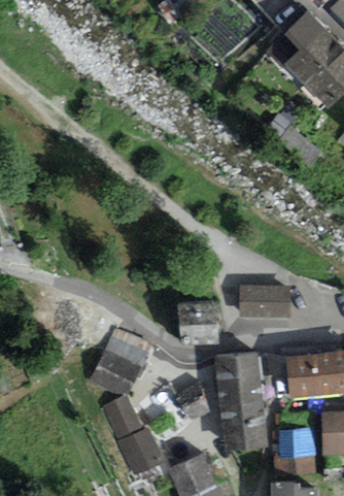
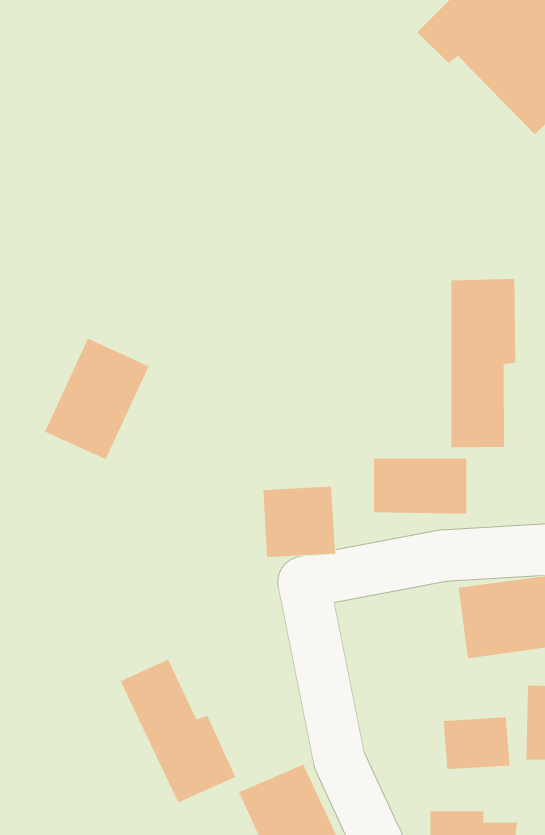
building: none -> [451,278,516,448]
building: [89,329,146,396] -> [44,338,149,460]
building: [214,353,267,451] -> none

